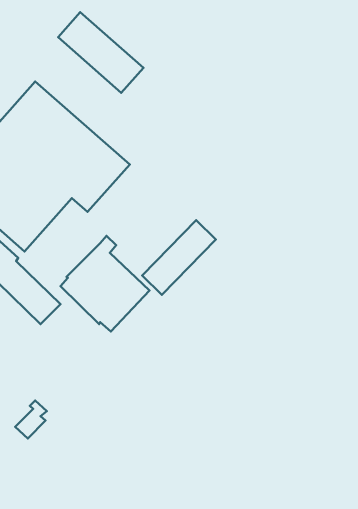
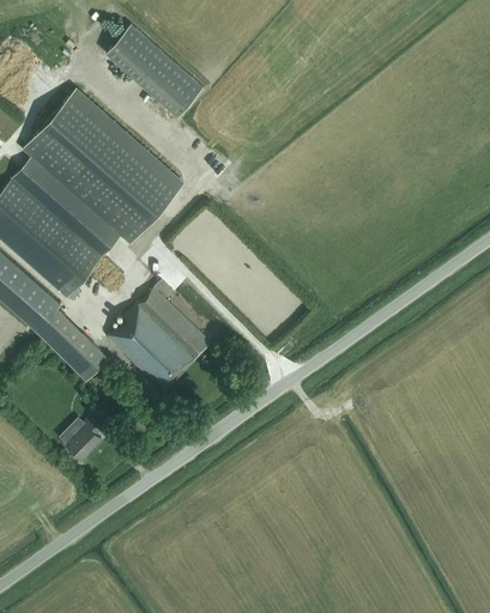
building: [142,220,216,295] -> none
building: [15,401,47,438] -> [67,414,103,457]

